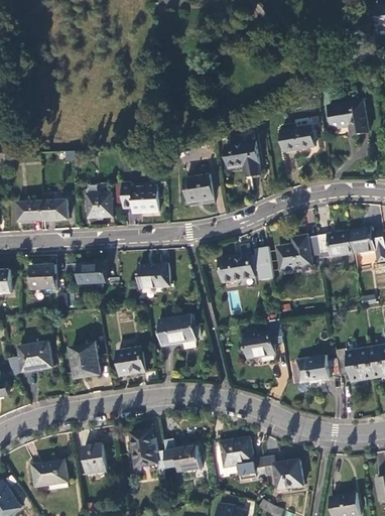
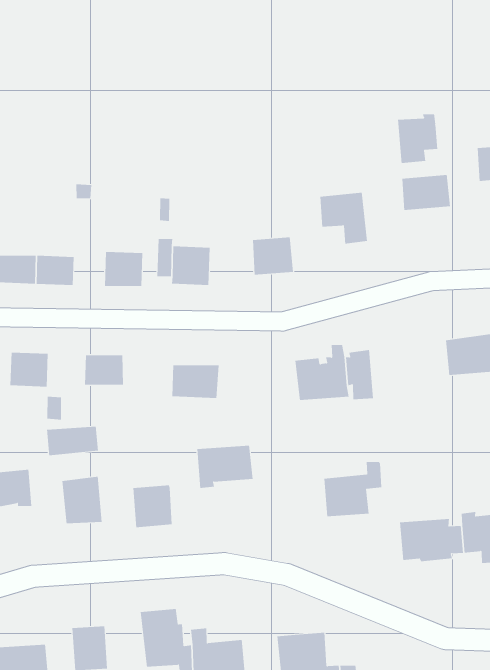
building: none -> [397,113,438,164]
building: [275,235,318,271] -> none
building: none -> [46,426,98,456]

